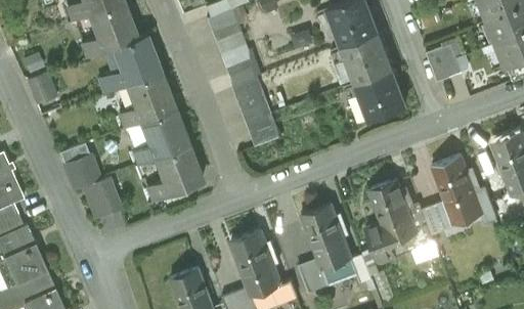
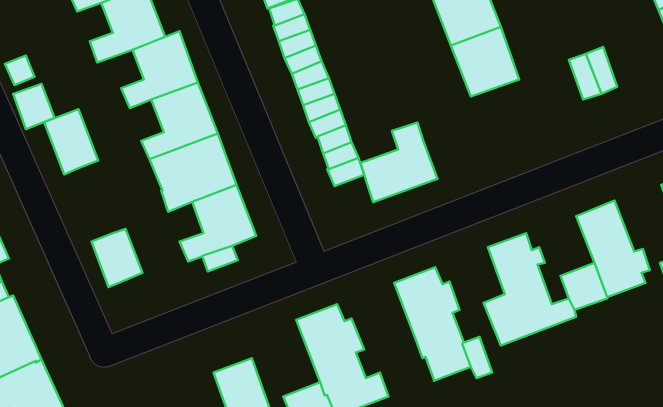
building: [356,70,404,121] -> none
building: none -> [360,123,437,202]
building: [59,143,98,190] -> [44,109,98,175]
building: [298,259,330,294] -> none

